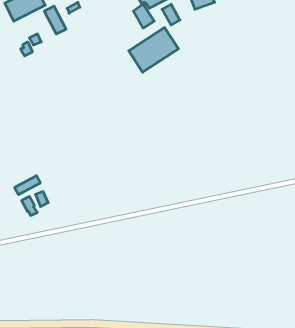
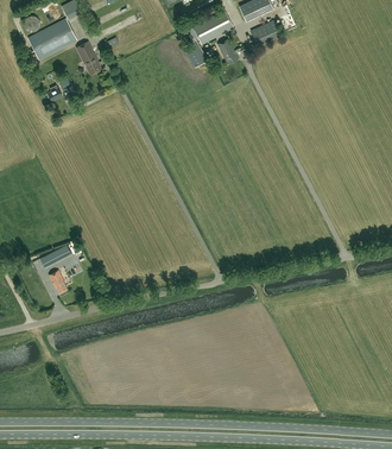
building: [129,28,178,72] -> none

